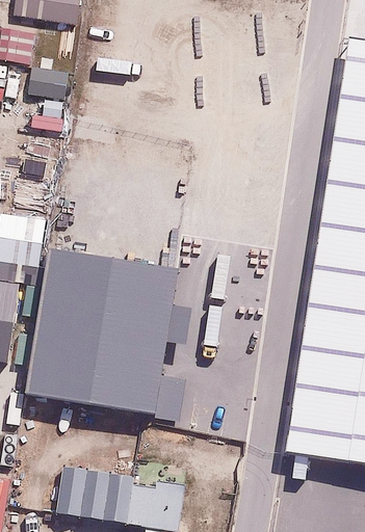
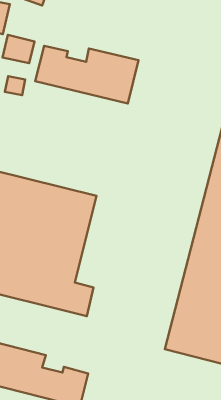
building: none -> [35,46,139,103]

